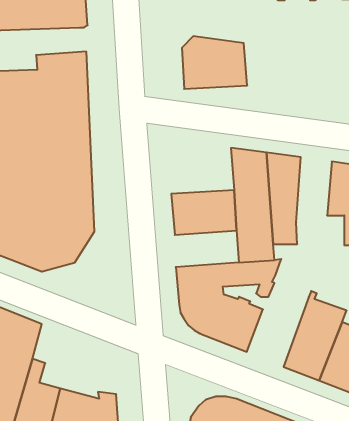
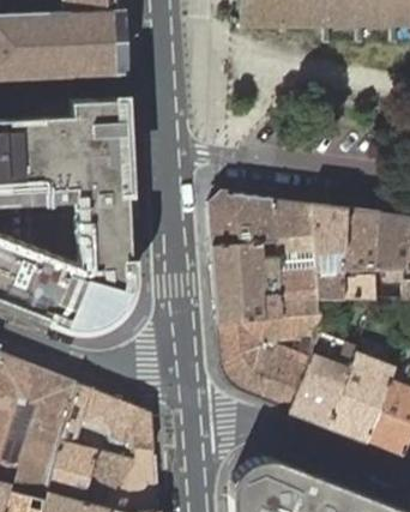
building: [182,36,247,89] -> [210,191,278,246]
building: none -> [343,207,380,300]
building: none -> [216,284,283,323]
building: none -> [291,331,360,427]
building: none -> [67,383,155,450]

